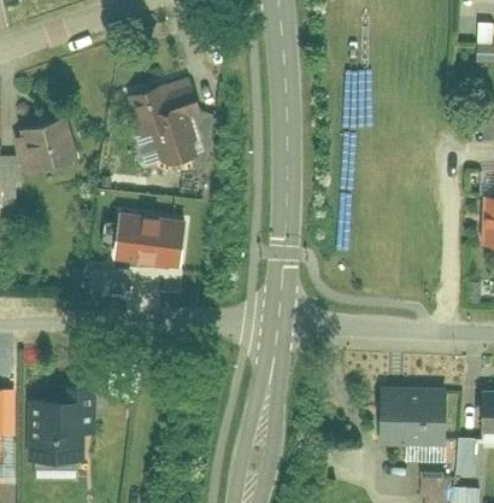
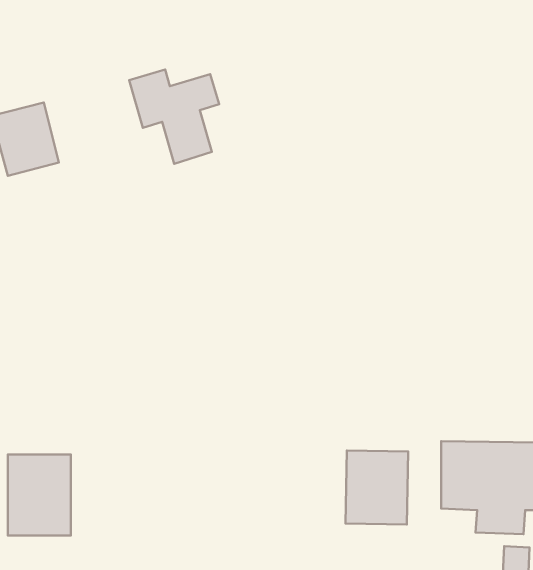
building: [114,210,186,263] -> none
building: none -> [346,450,408,524]

